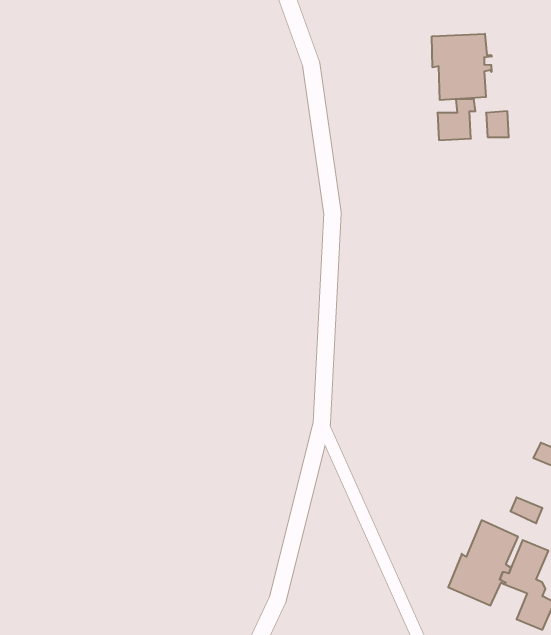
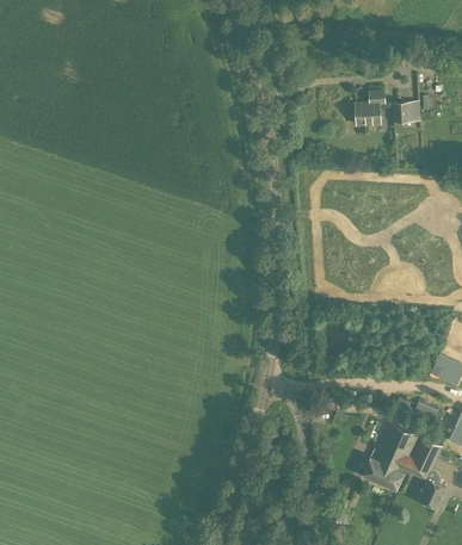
building: [432,34,492,100] -> none

